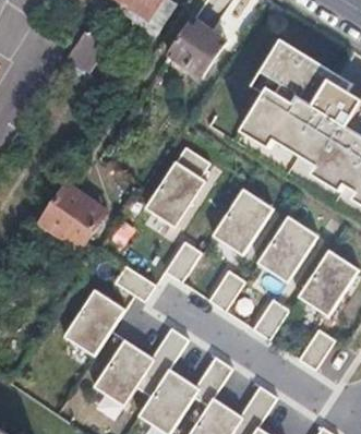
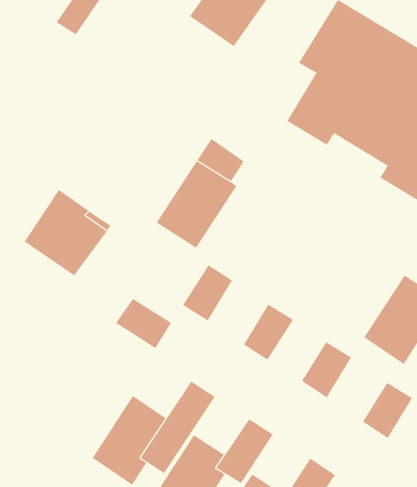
building: [213,188,274,254] -> none
building: [257,213,318,280] -> none
building: [62,288,124,354] -> none

